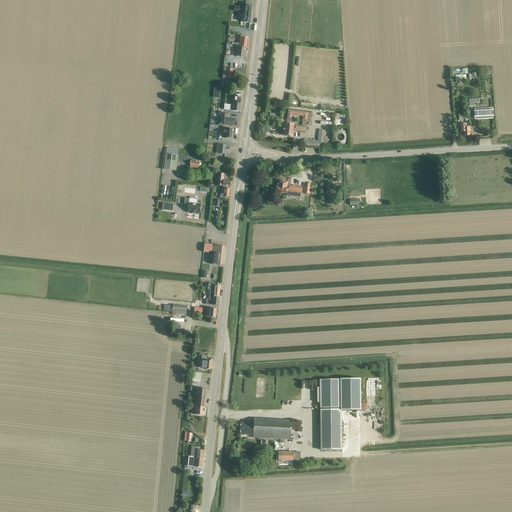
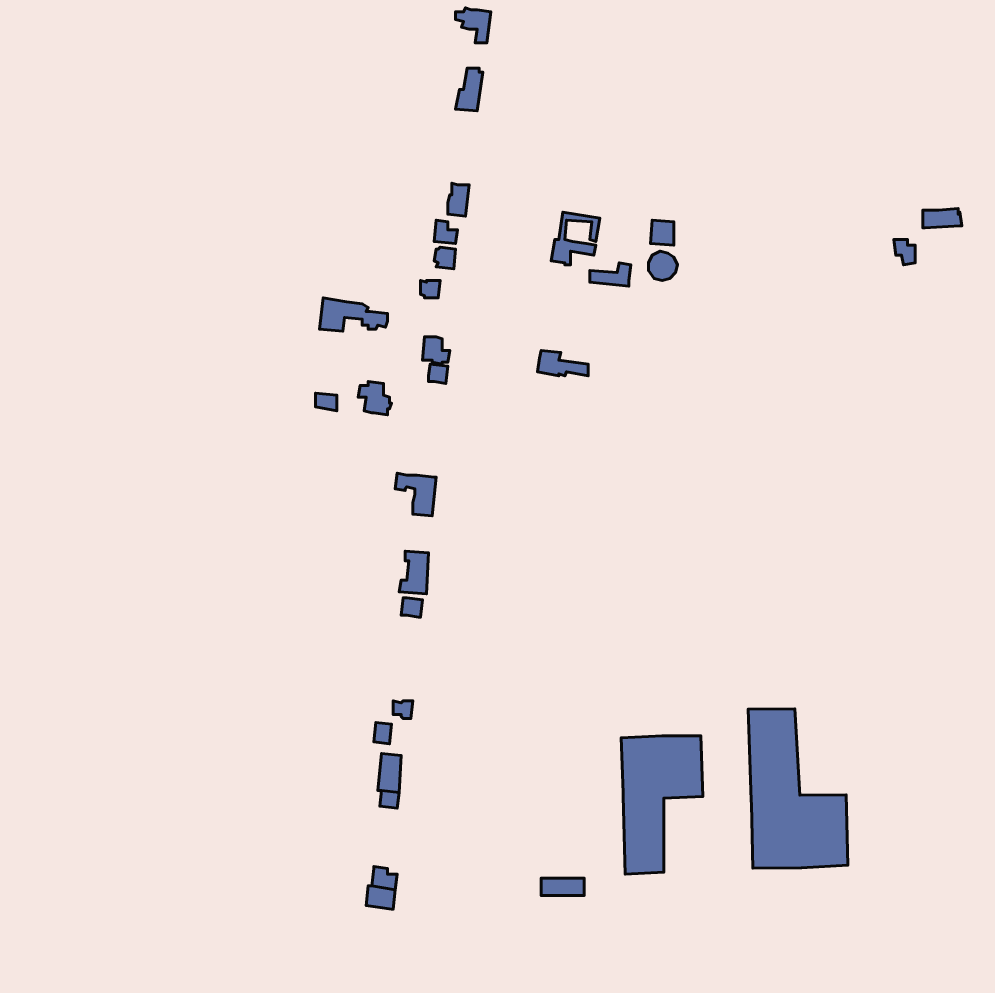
building: none -> [748,709,848,868]
building: [240,418,292,438] -> none

